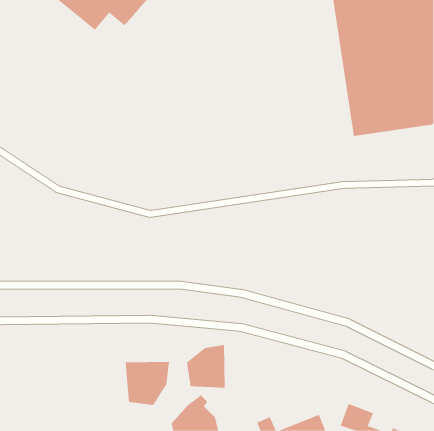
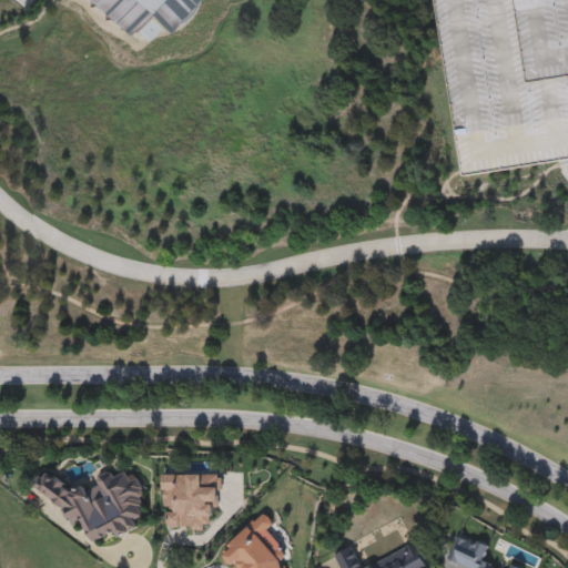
building: [186,344,225,389] -> none
building: none -> [32,467,143,537]

